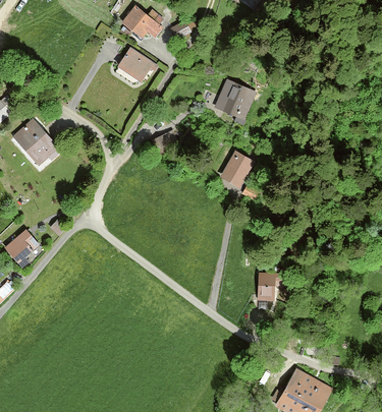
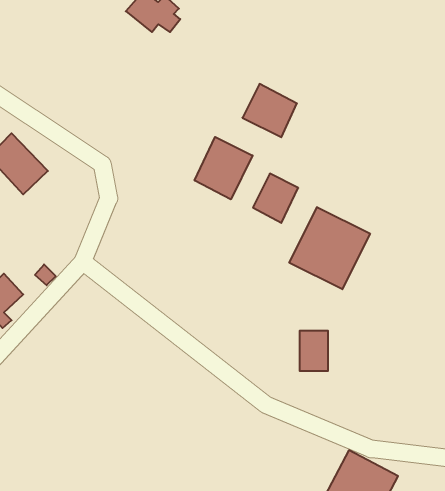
building: [116,48,156,84] -> none
building: none -> [195,137,253,199]
building: none -> [289,207,370,289]

